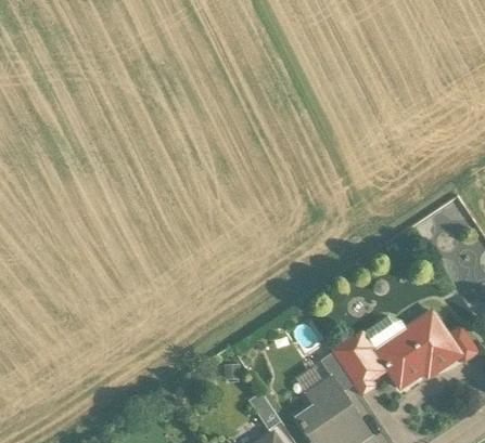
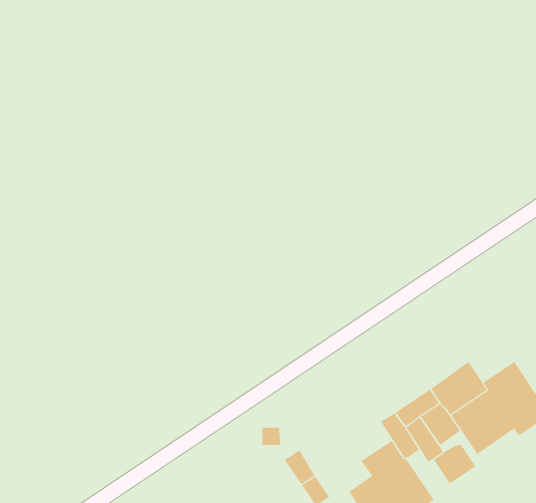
building: none -> [433,444,476,484]

